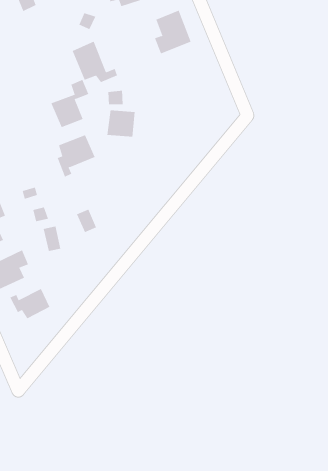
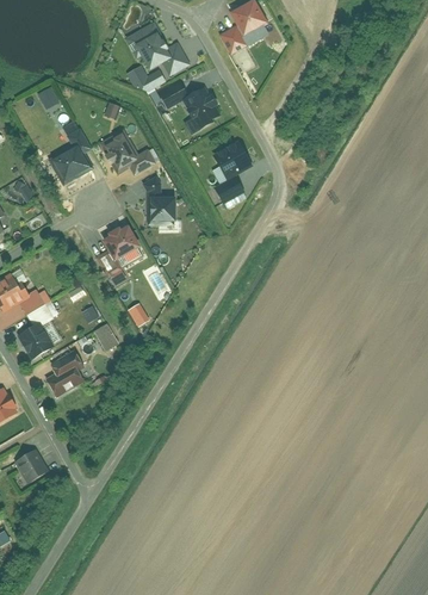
building: none -> [211,145,250,199]
building: [50,79,89,128] -> [48,131,86,184]
building: [10,288,50,319] -> none

